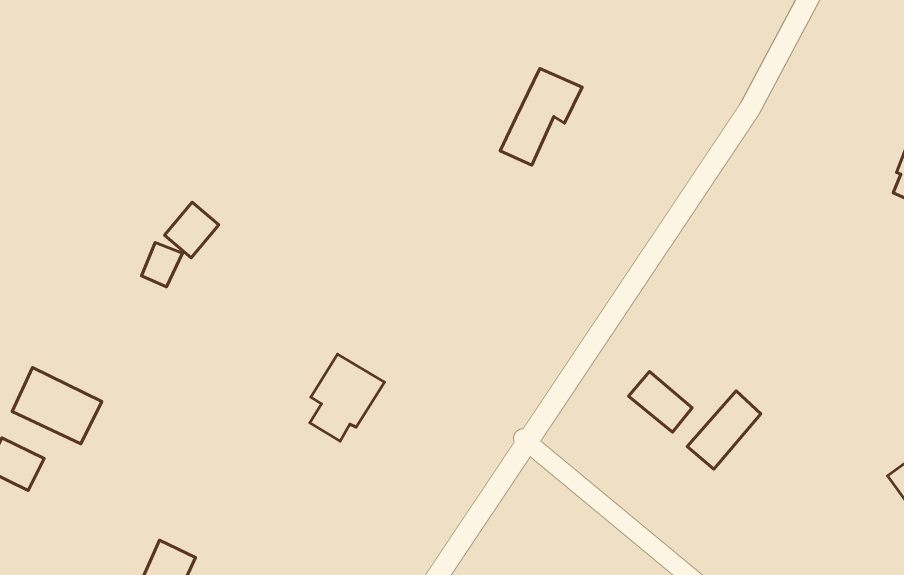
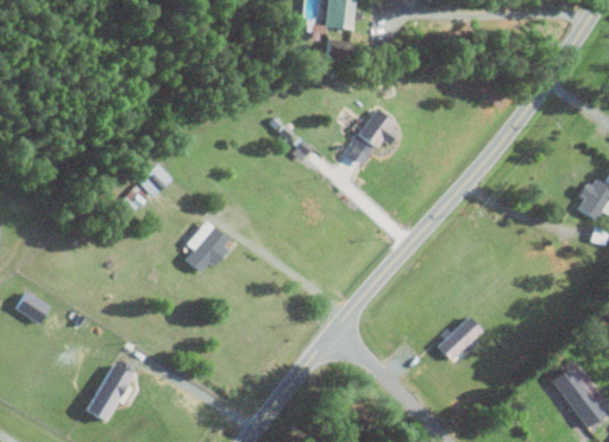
building: [310,354,385,441] -> [184,220,232,272]
building: [12,367,102,444] -> none
building: [628,371,692,432] -> none

